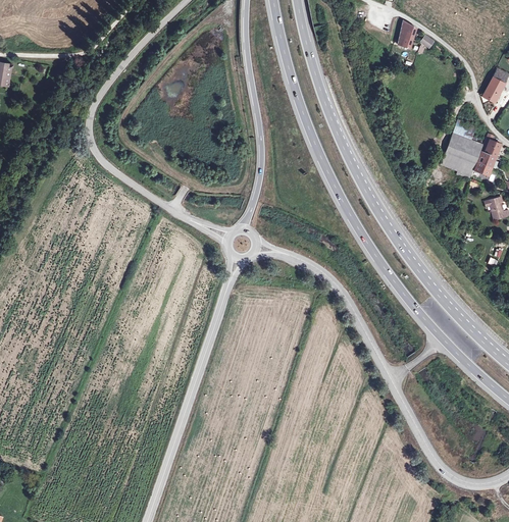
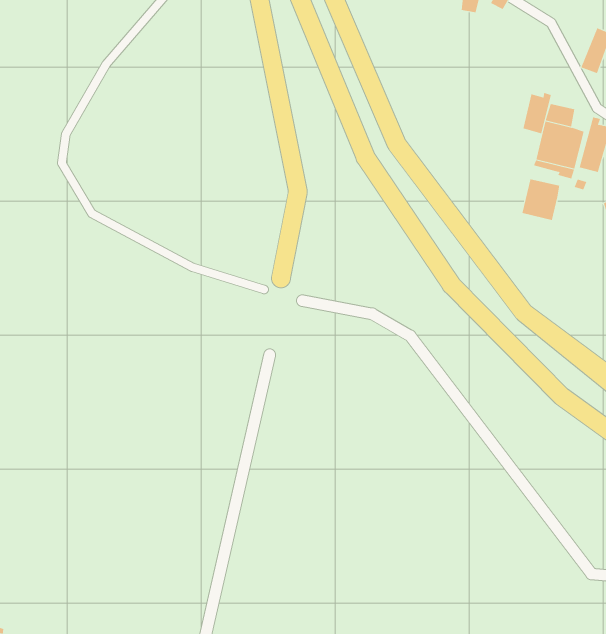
building: none -> [523,92,552,134]
building: none -> [522,178,560,221]

